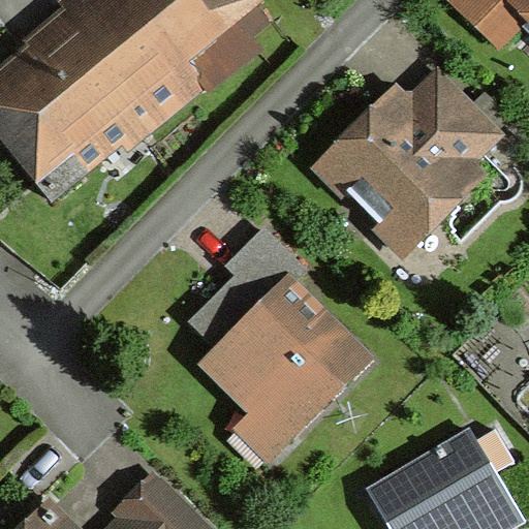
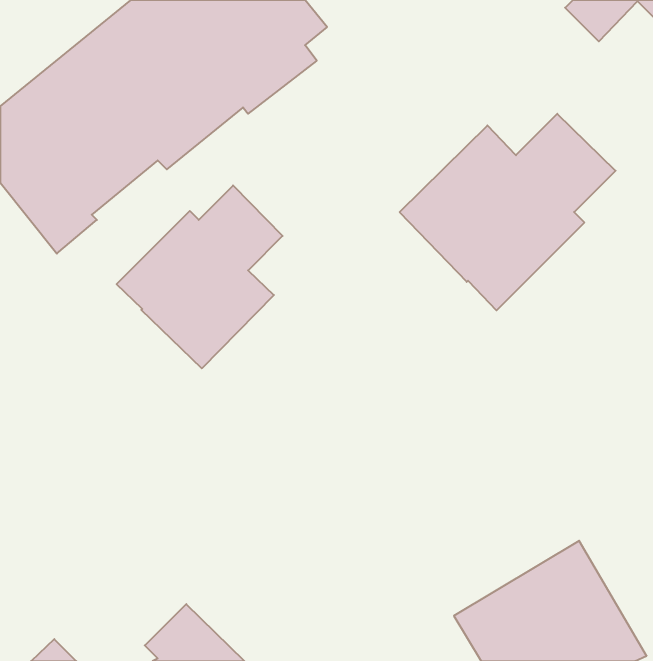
building: none -> [117,185,283,368]
building: [192,232,365,434] -> none

